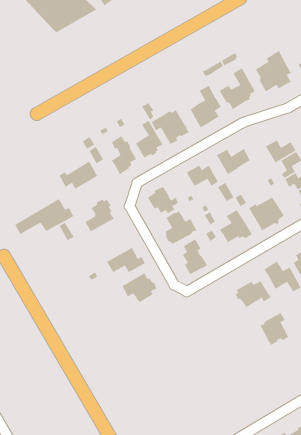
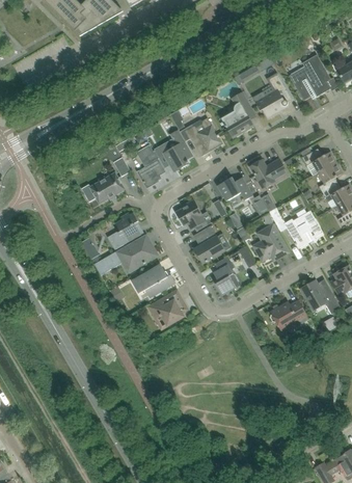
building: [14,196,74,235] -> [93,234,158,275]
building: [259,312,289,346] -> none

